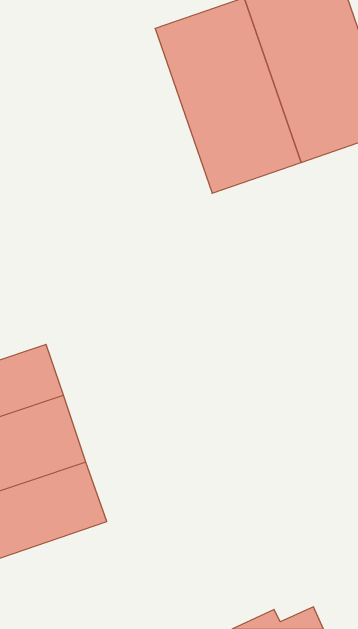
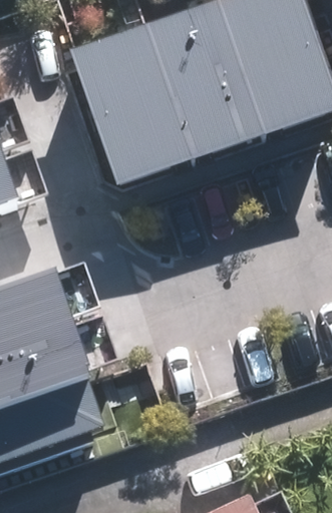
building: none -> [71,26,193,185]

